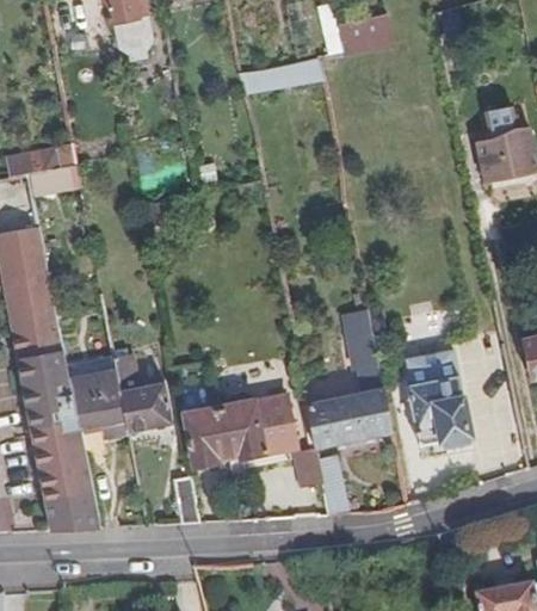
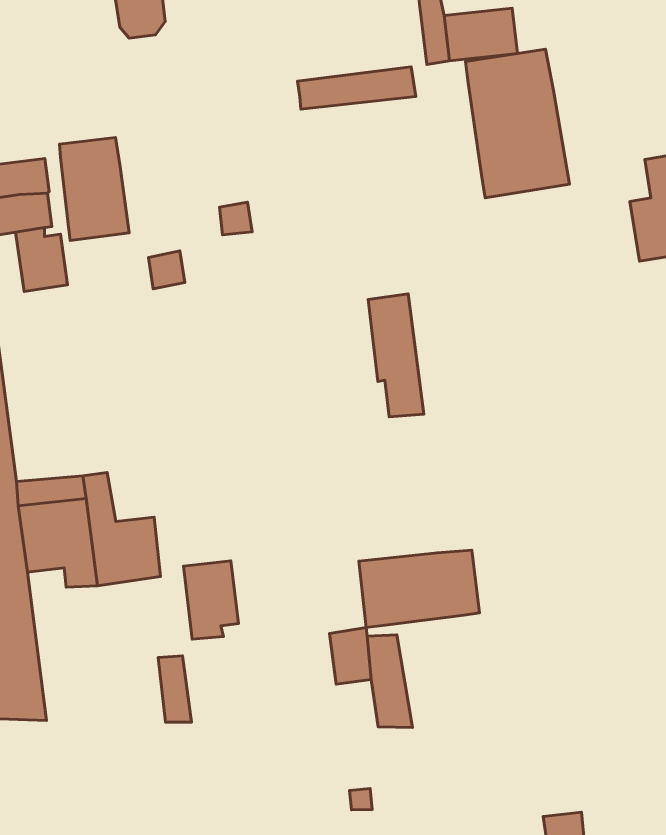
building: none -> [465,49,569,198]
building: none -> [59,138,129,240]
building: none -> [16,228,68,291]
building: [339,308,383,394] -> [368,294,424,417]
building: [405,362,471,450] -> none
building: [217,396,295,457] -> none

